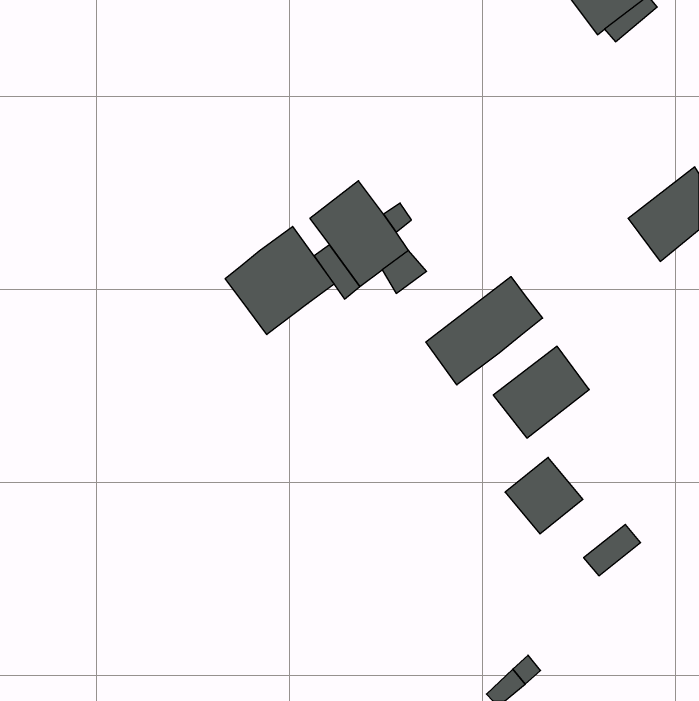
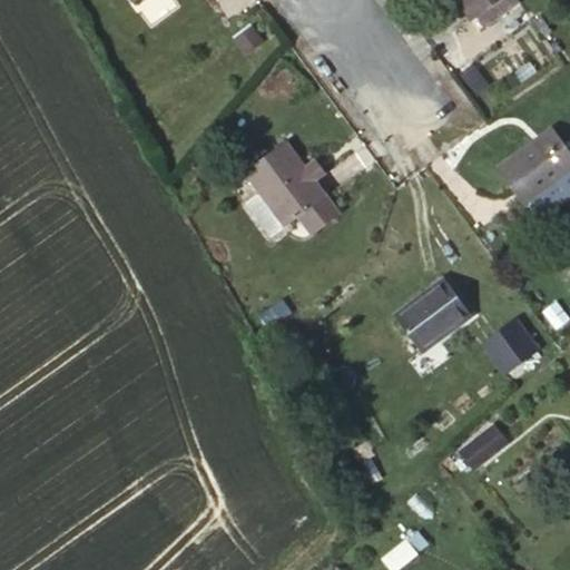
building: [225,226,334,335] -> none
building: [426,277,543,385] -> none
building: [505,457,583,534] -> [474,312,537,373]

